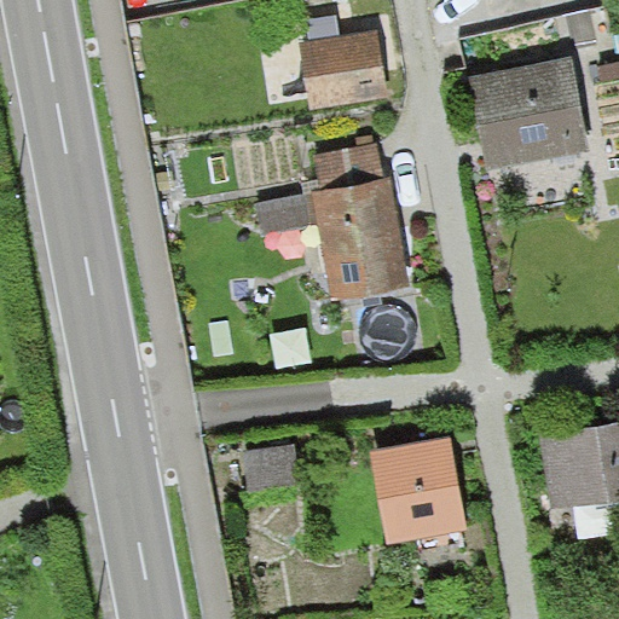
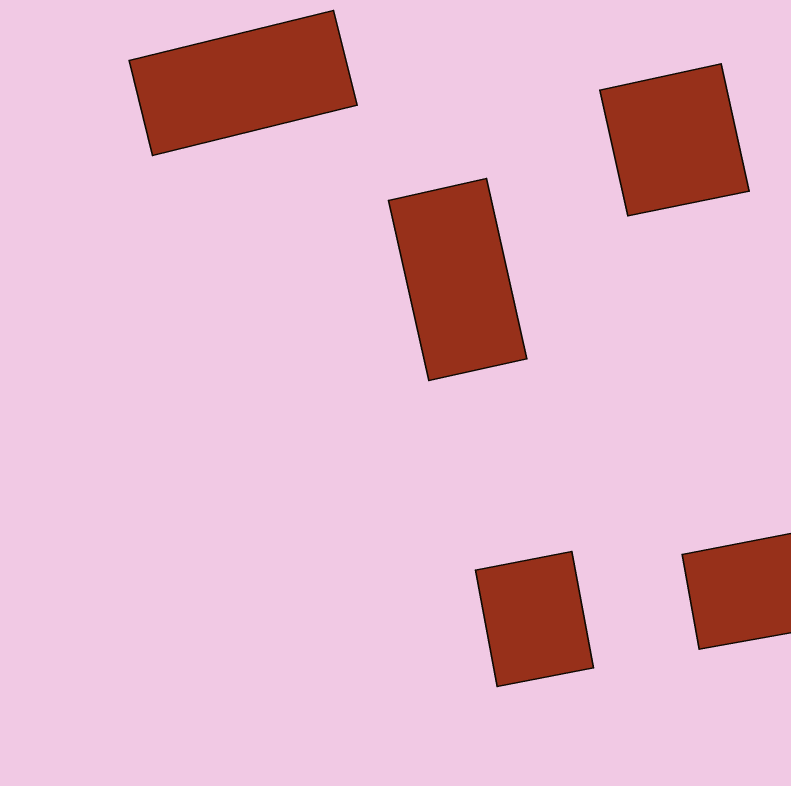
building: none -> [129,10,357,155]
building: [291,27,391,110] -> none

